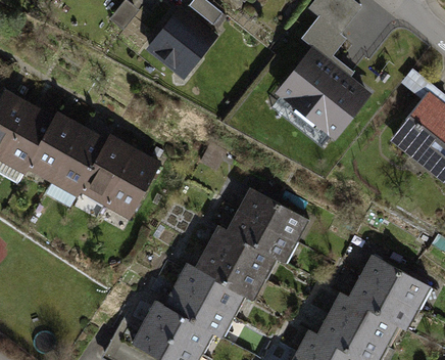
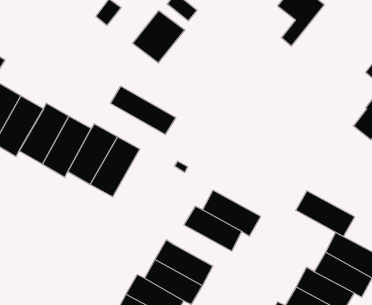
building: [271,53,366,147] -> none
building: none -> [110,86,176,135]
building: [240,188,304,238] -> [296,191,355,237]
building: [197,248,260,297] -> none

